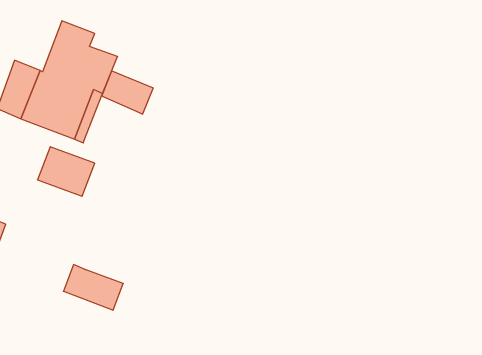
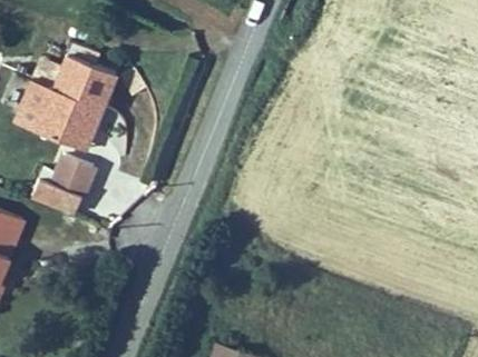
building: [102,71,153,114] -> none
building: [63,265,123,310] -> [30,177,82,217]

